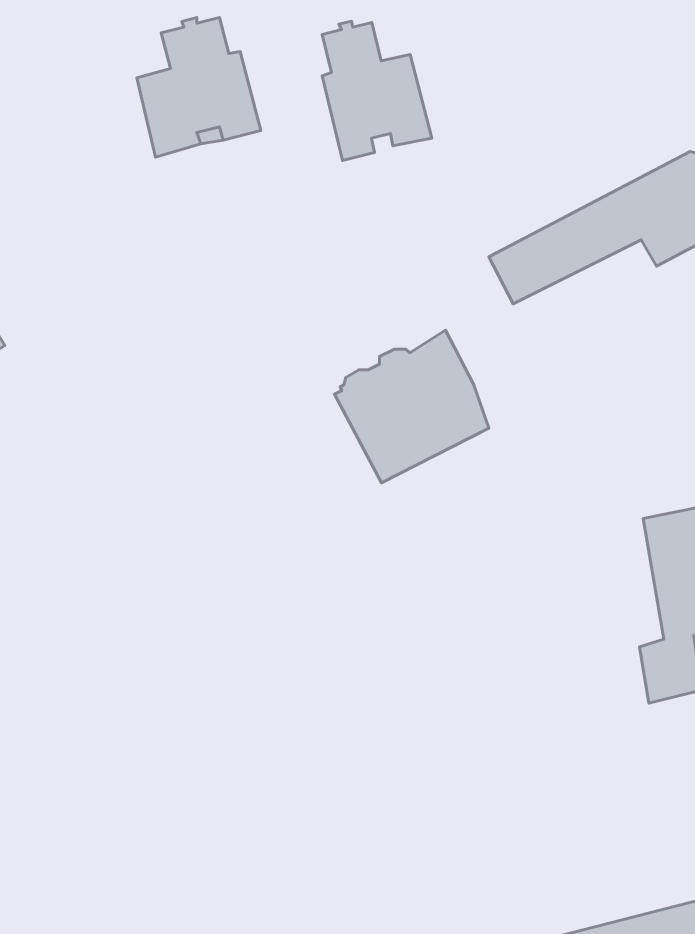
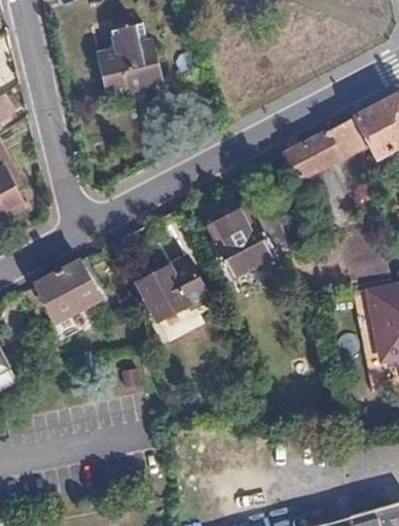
building: [322,21,432,160] -> none
building: none -> [136,256,207,318]
building: none -> [35,261,98,322]

